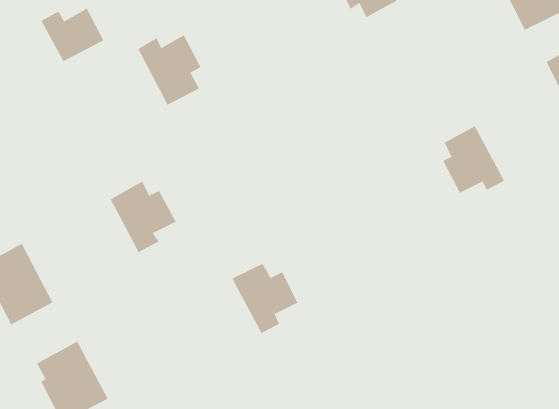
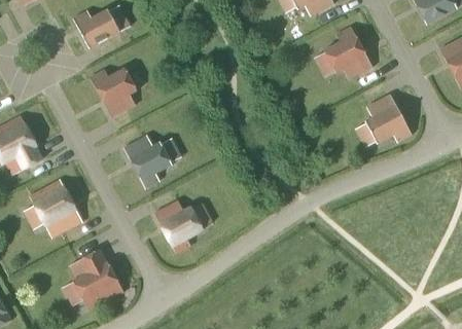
building: none -> [323,26,371,78]
building: [137,35,201,105] -> [91,66,137,117]
building: [232,263,298,334] -> [154,200,203,252]

